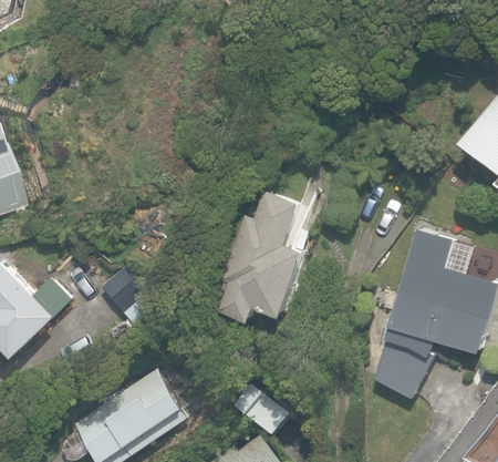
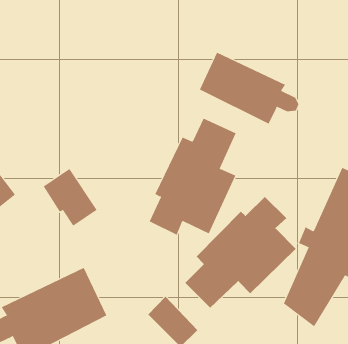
building: none -> [199,52,299,125]
building: none -> [185,196,297,309]

